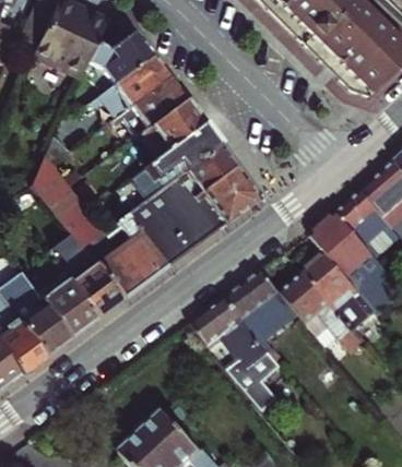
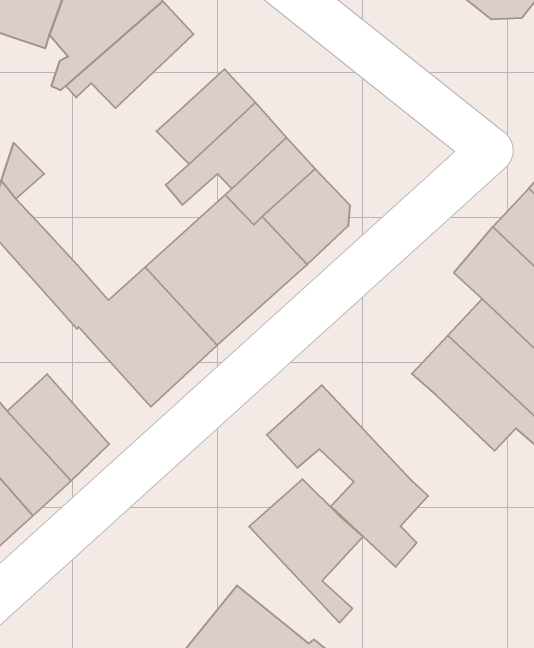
building: [110,76,186,127] -> none
building: [45,230,120,316] -> none
building: [224,270,292,358] -> [249,479,363,623]

